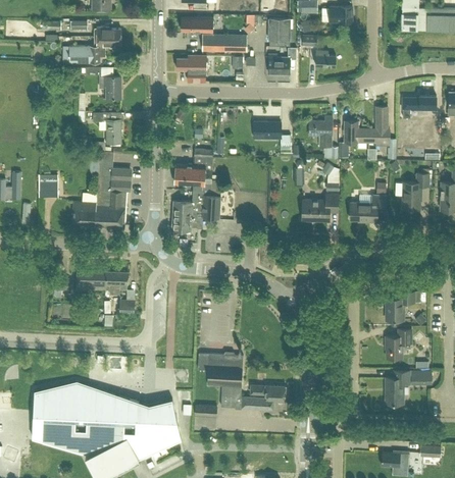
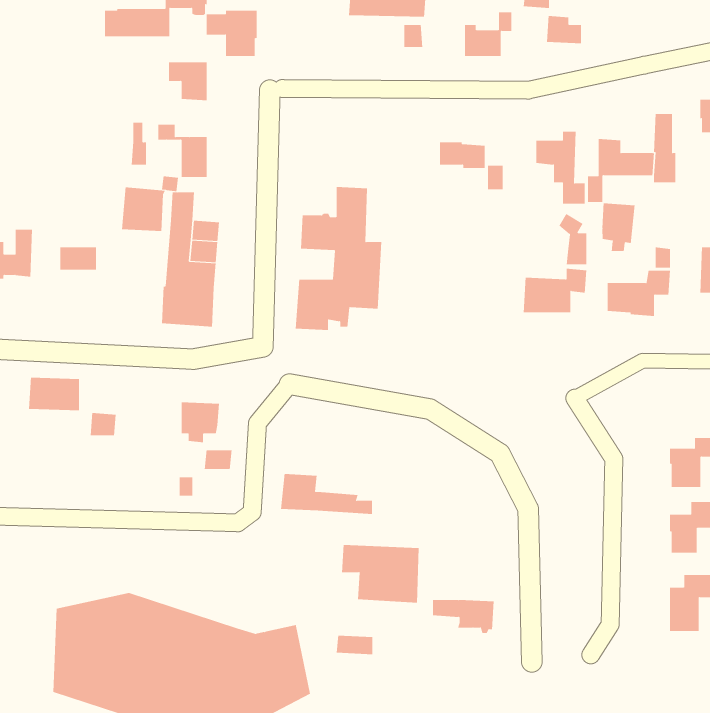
building: [176,56,206,83] -> [206,10,257,56]
building: none -> [602,202,635,252]
building: [71,202,97,227] -> [121,187,166,231]
building: [77,271,106,290] -> [28,377,80,411]
building: [220,386,273,410] -> [280,474,373,515]

